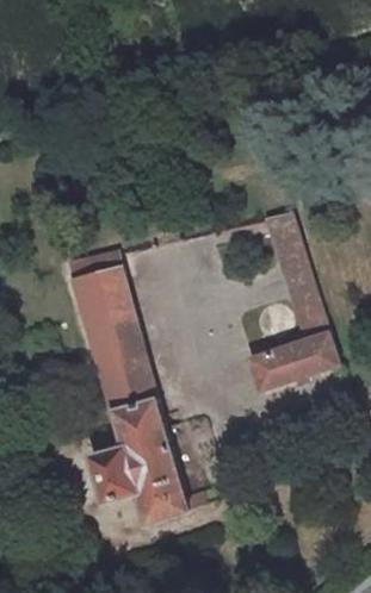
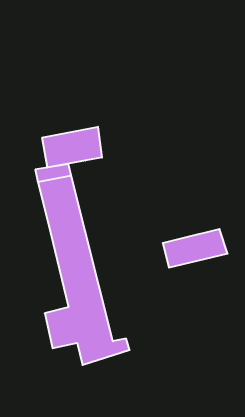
building: none -> [42,127,102,168]
building: [270,217,324,337] -> none

